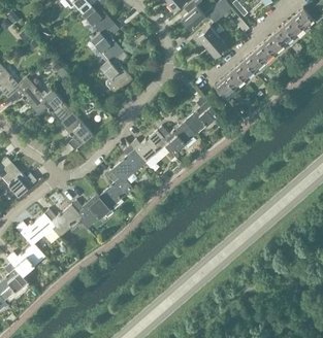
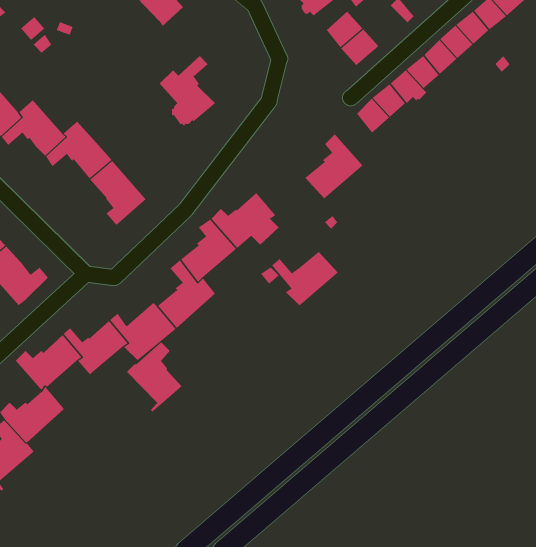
building: [91,24,124,63] -> none
building: [157,123,196,155] -> [271,251,339,306]
building: none -> [126,342,182,413]

